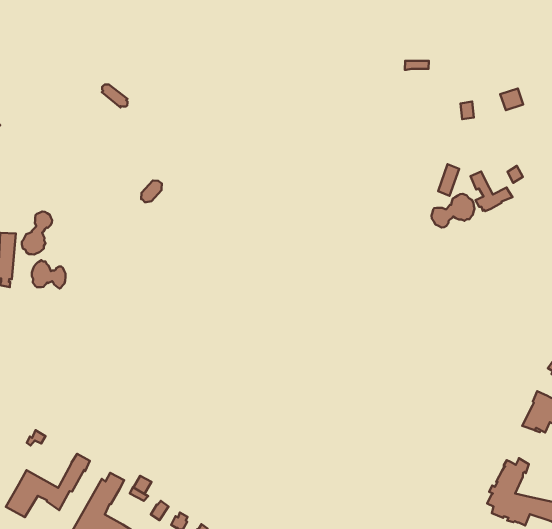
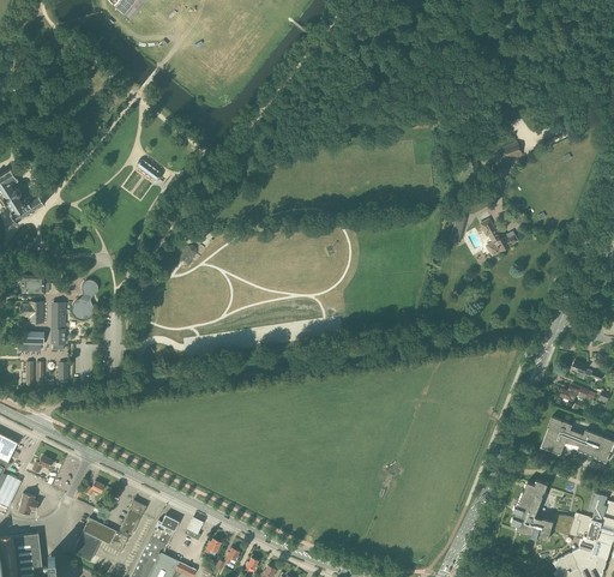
building: [432,194,474,227] -> none
building: [32,260,65,289] -> none

